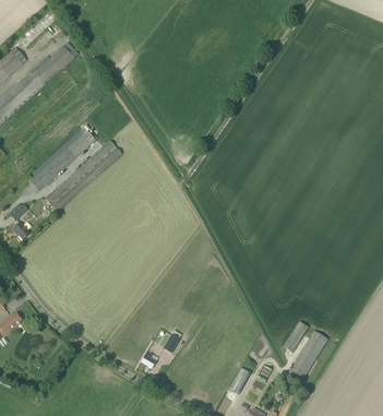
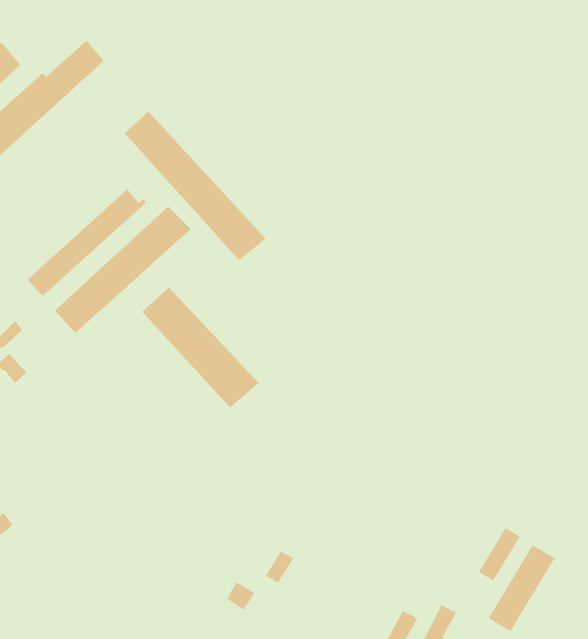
building: none -> [124,111,266,261]
building: none -> [141,287,260,409]

